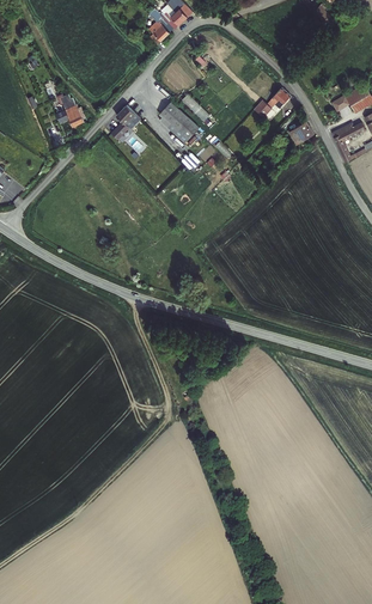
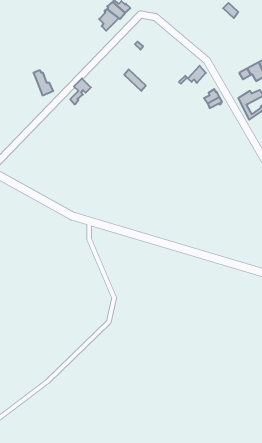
building: [159,104,199,145] -> none

